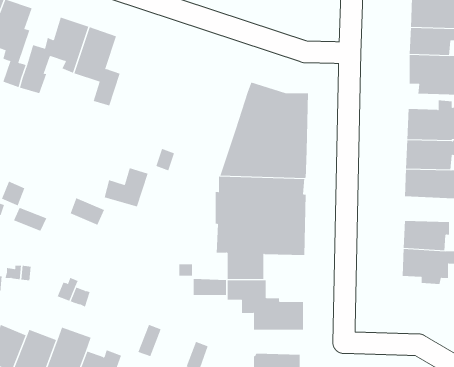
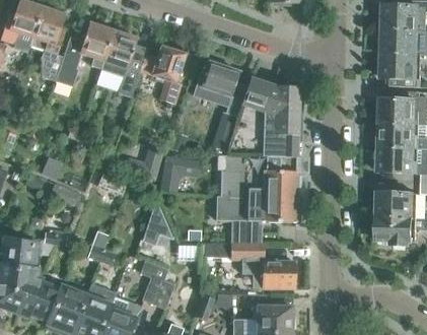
building: none -> [140,45,185,104]
building: none -> [199,60,246,116]
building: none -> [161,155,199,192]
building: none -> [142,199,171,243]
building: none -> [140,261,167,304]

